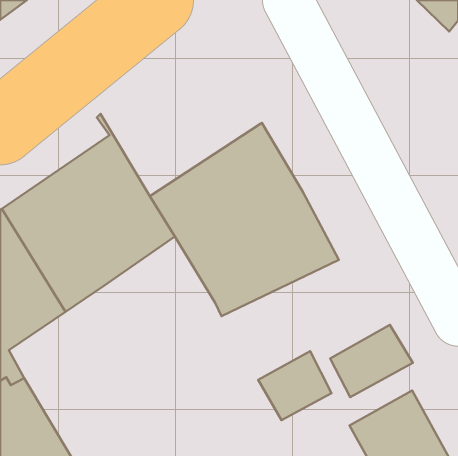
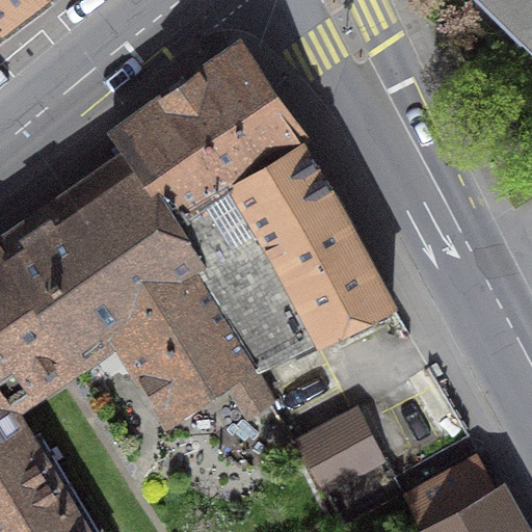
building: none -> [116,52,302,230]
building: none -> [121,276,272,416]
building: [330,325,413,397] -> none

